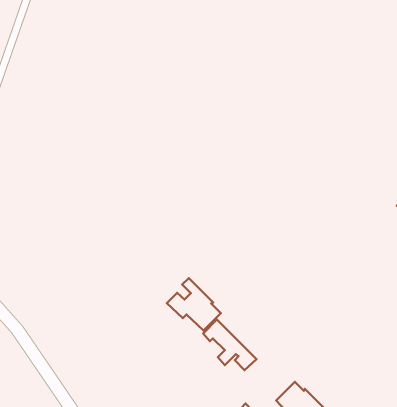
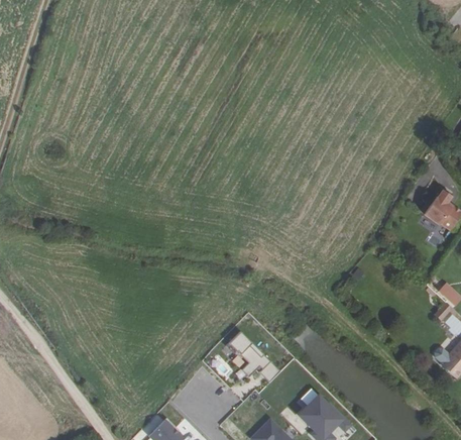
building: [167,278,221,330] -> none

